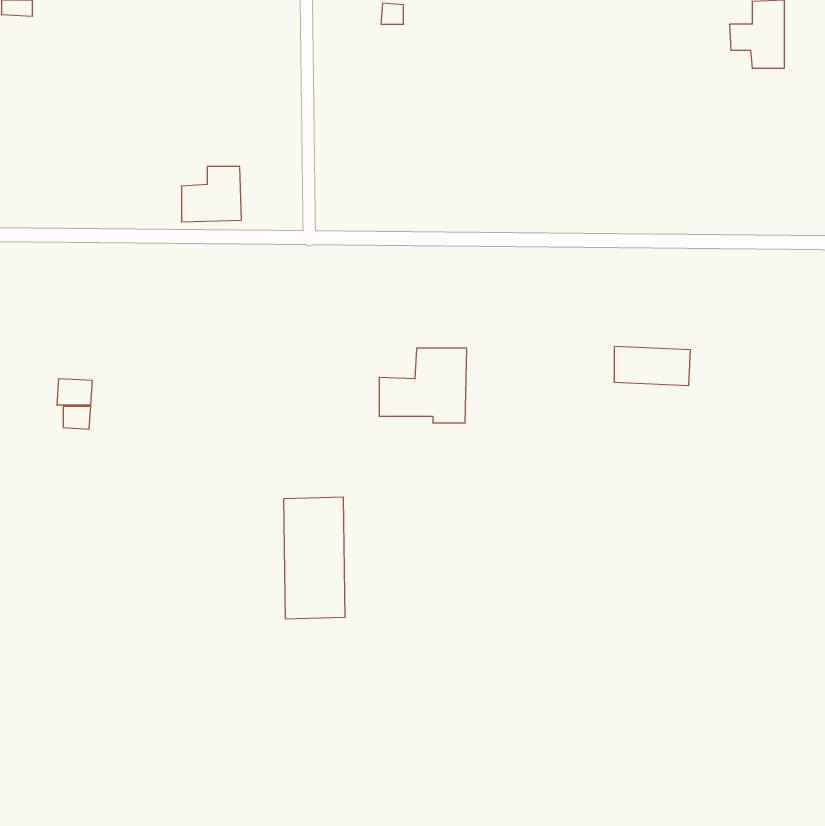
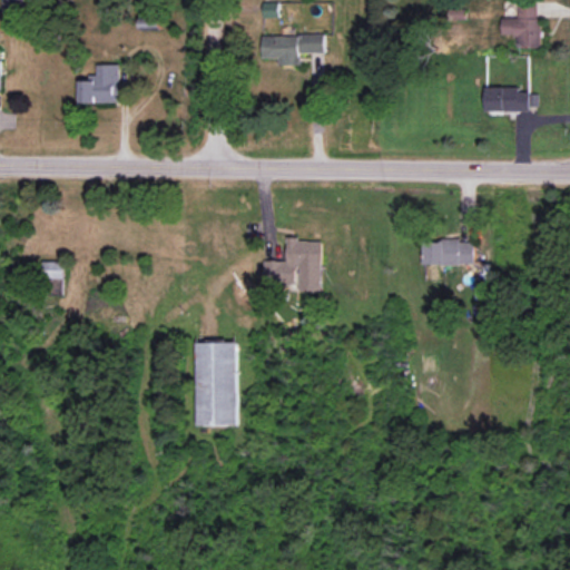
building: none -> [262,36,324,66]
building: none -> [484,87,537,111]
building: [181,167,241,222] -> [78,66,119,104]

